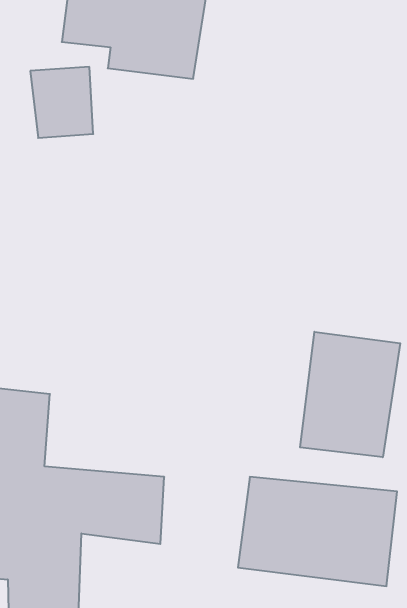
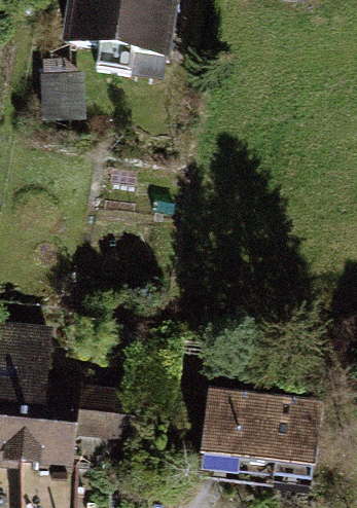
building: [300,332,400,457] -> none

